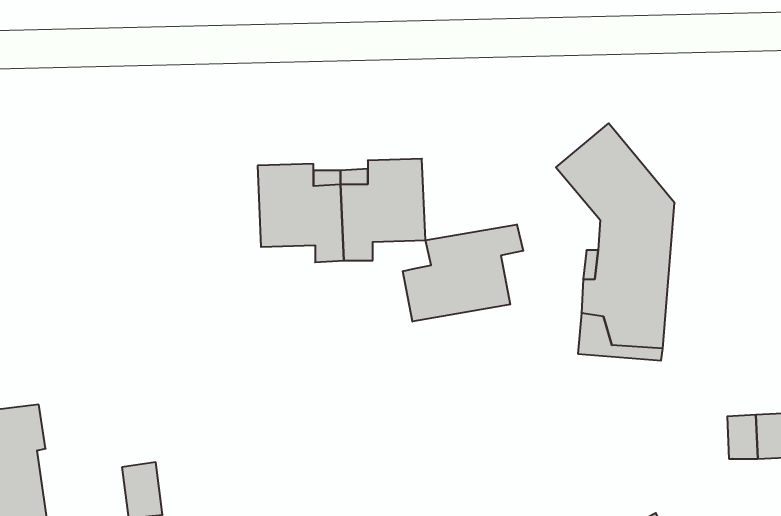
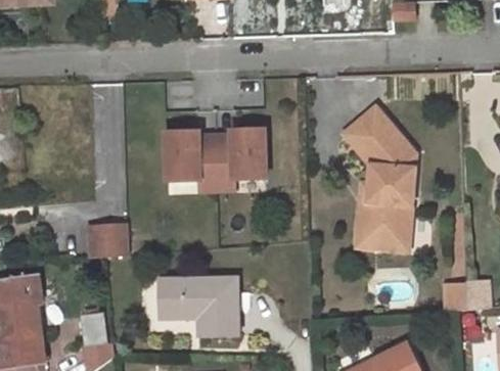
building: [403,224,523,322] -> none
building: none -> [87,225,126,257]
building: none -> [158,277,238,334]

